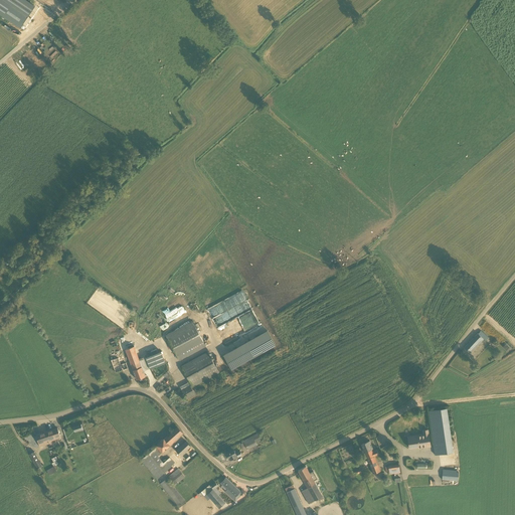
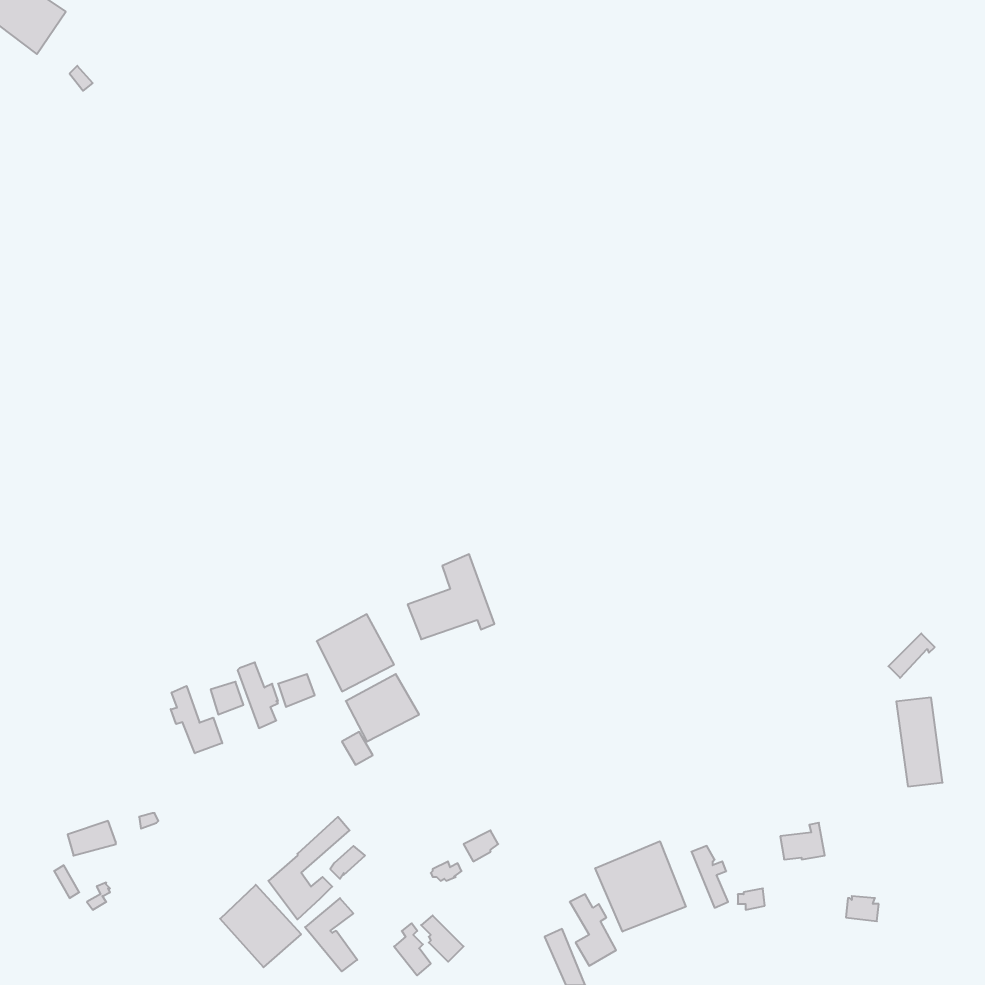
building: [222,329,275,368] -> none
building: none -> [171,686,222,753]
building: [427,407,452,454] -> [896,698,943,786]
building: none -> [595,841,686,932]
building: none -> [220,885,301,967]

